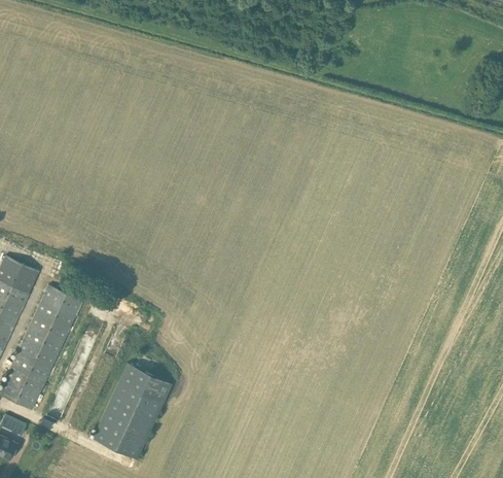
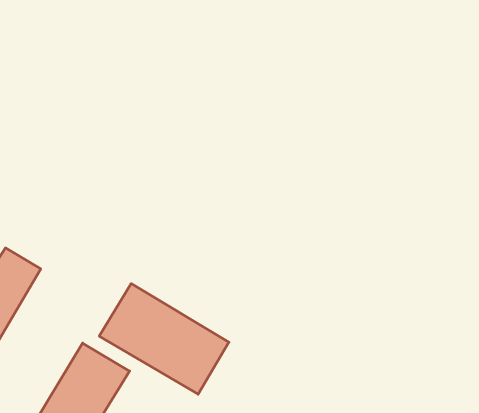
building: none -> [99,284,229,394]

